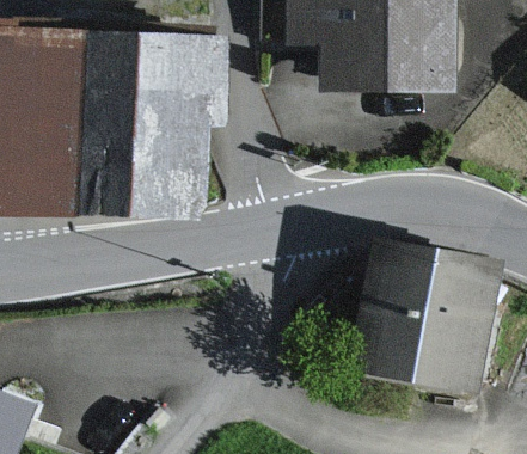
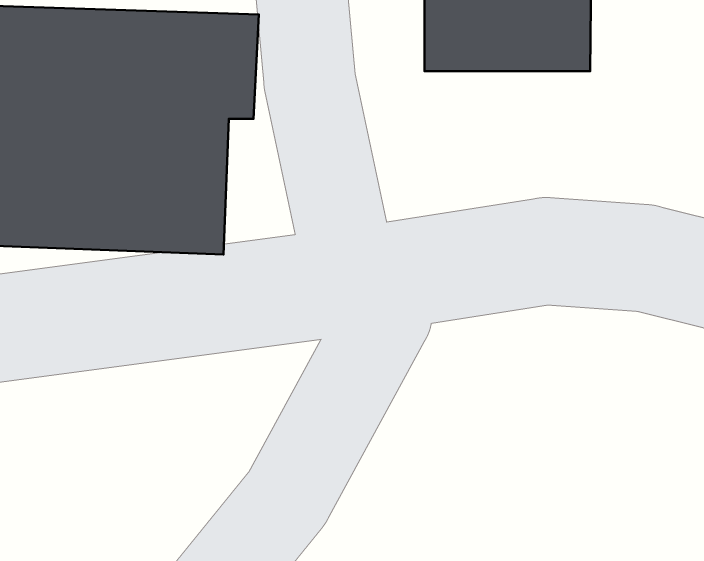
building: [350,257,488,389] -> none

